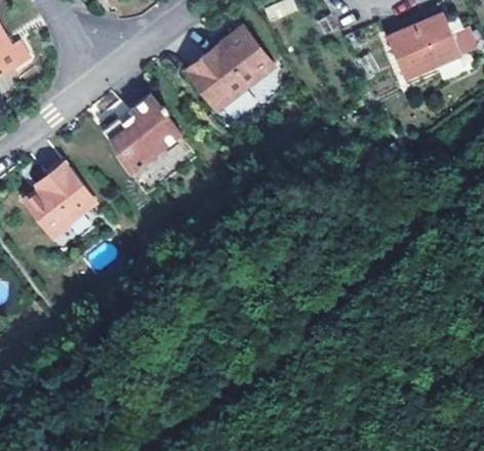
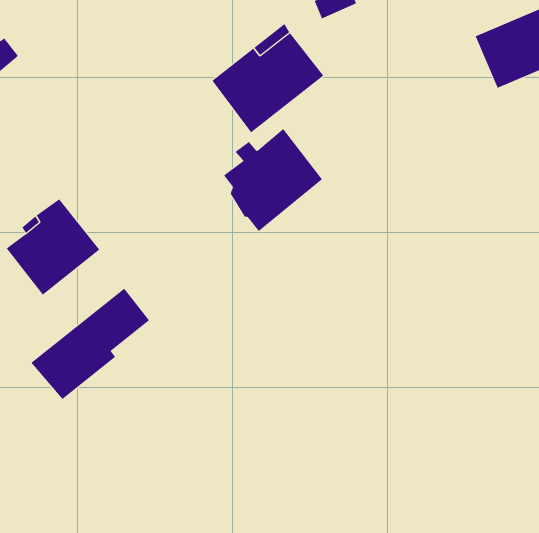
building: [104,97,182,178] -> [223,128,323,232]
building: none -> [30,288,150,400]

